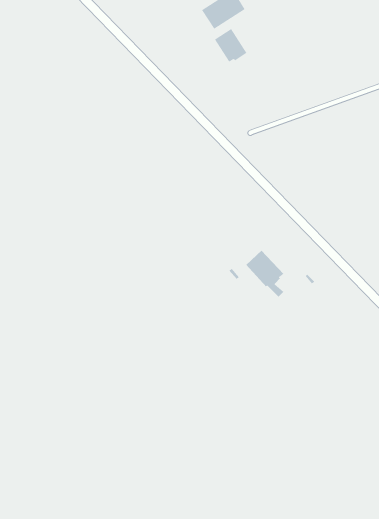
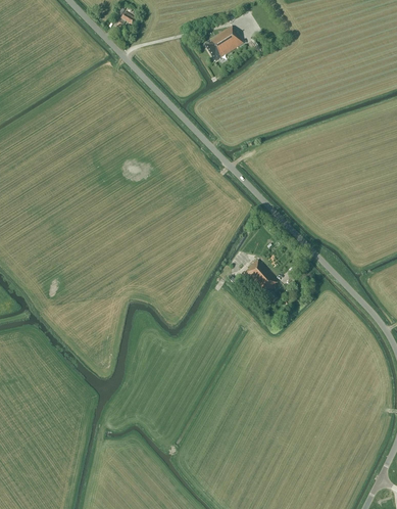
building: [214,28,247,62] -> none

